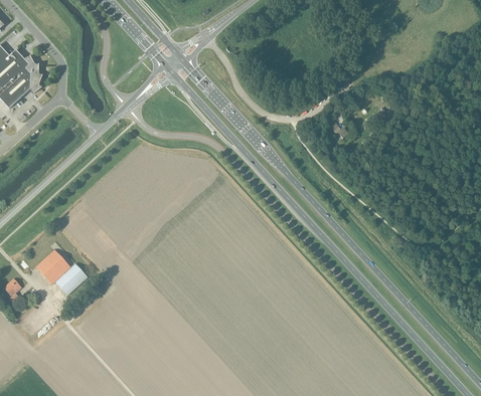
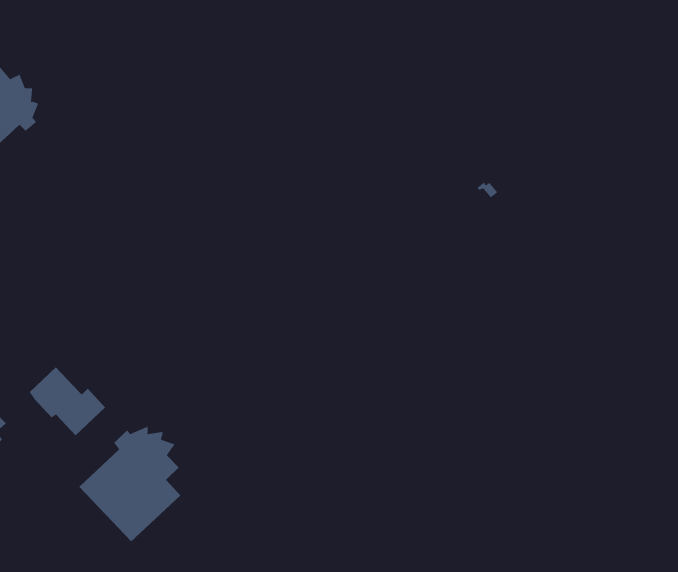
building: none -> [79,425,181,542]

